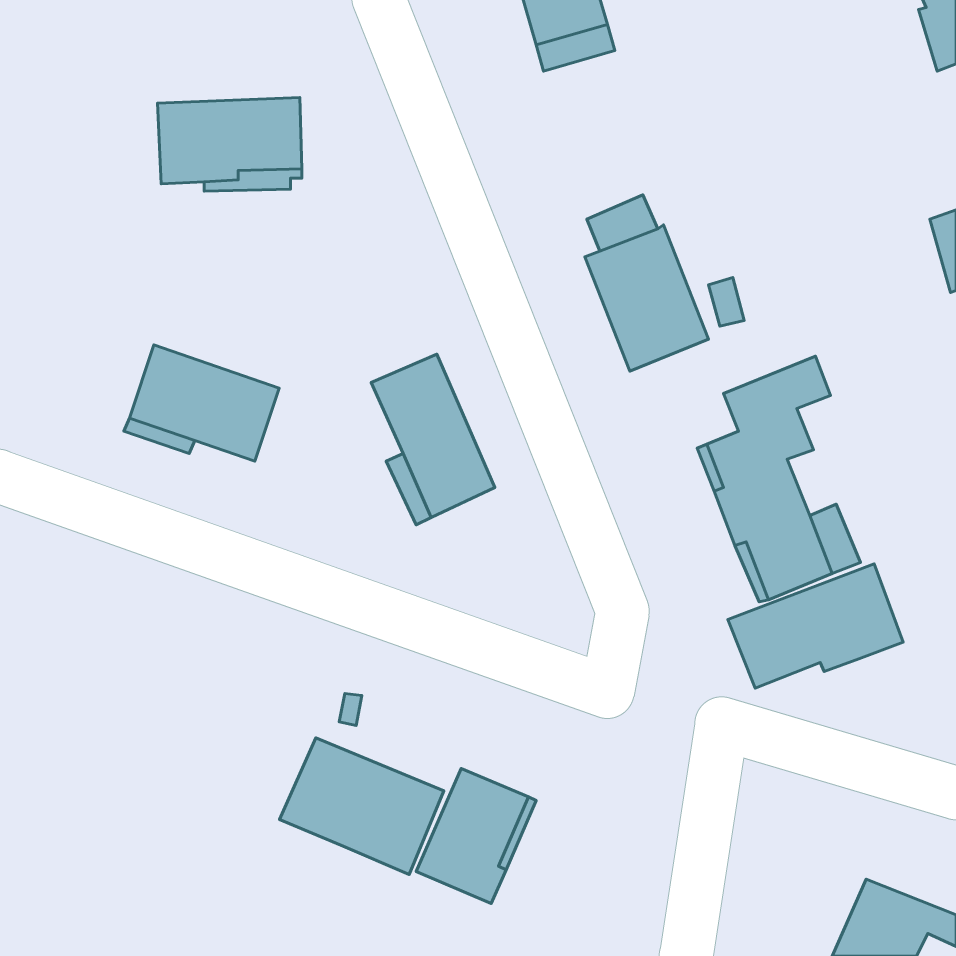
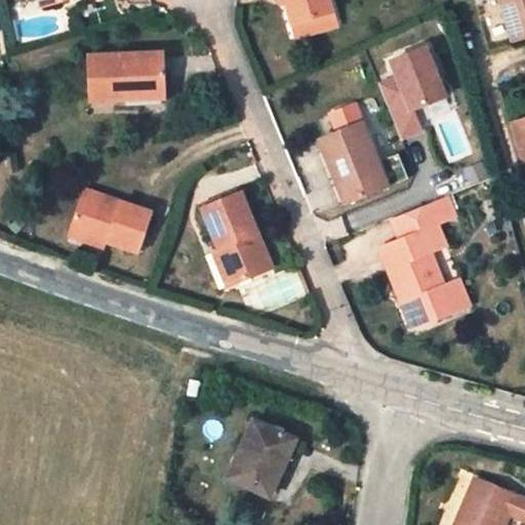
building: none -> [379,39,451,137]
building: [728,564,903,688] -> none
building: [280,738,444,875] -> none

